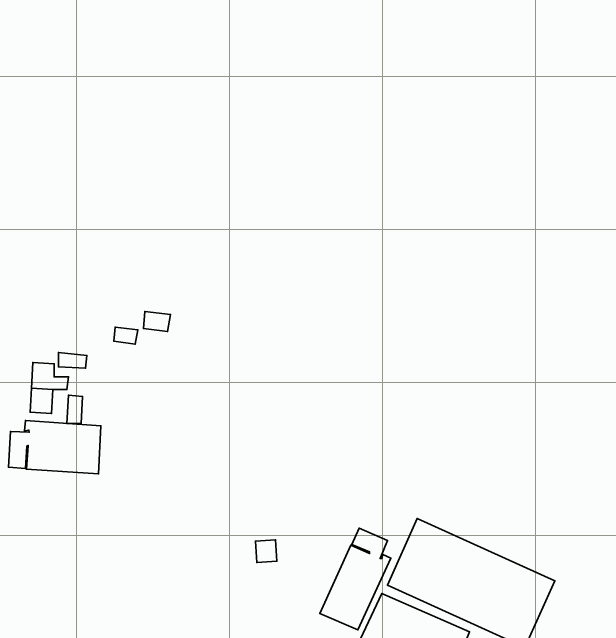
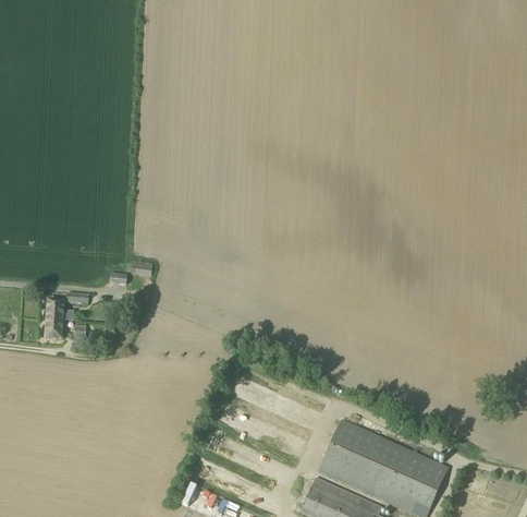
building: [9,421,101,474] -> none
building: [320,528,391,630] -> none

